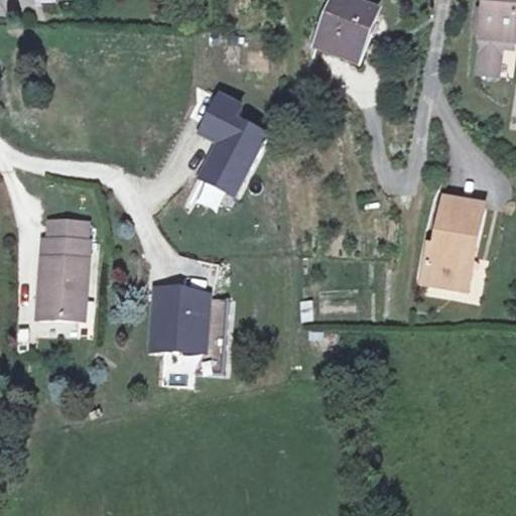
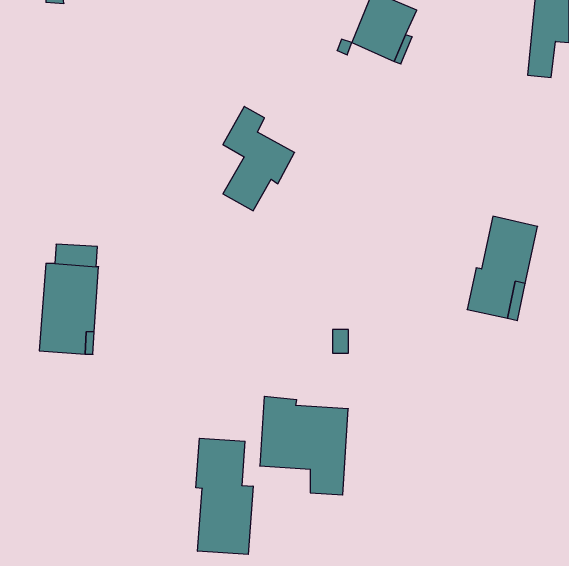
building: [148,284,228,373] -> [260,396,348,495]
building: none -> [196,438,253,554]

